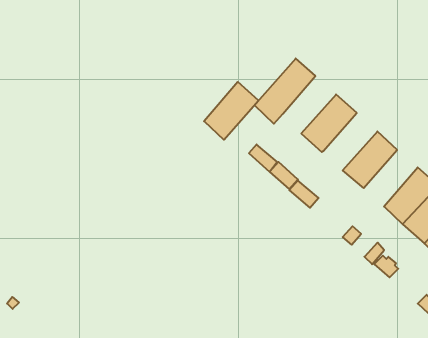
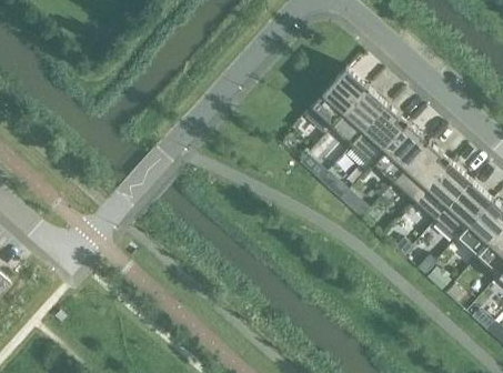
building: [204,82,259,140] -> [333,87,389,145]
building: none -> [375,124,431,183]
building: none -> [416,162,472,220]

